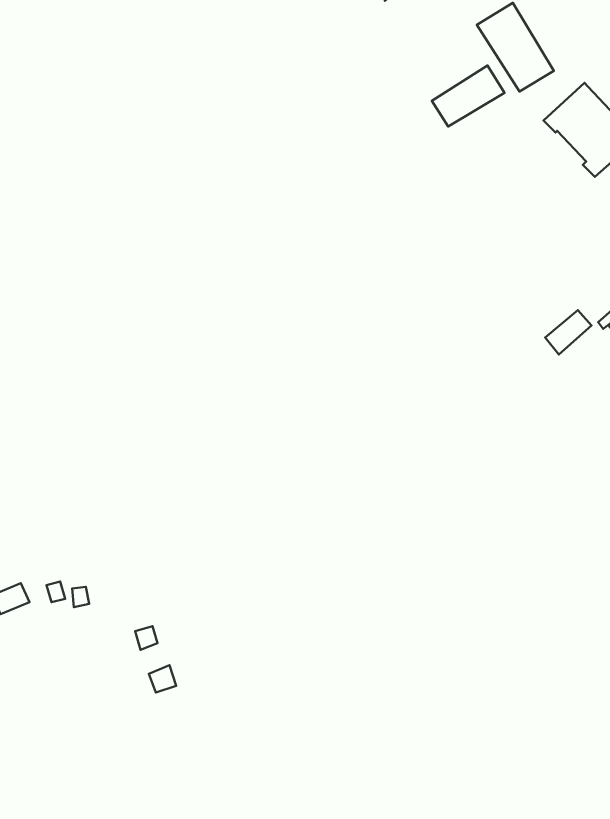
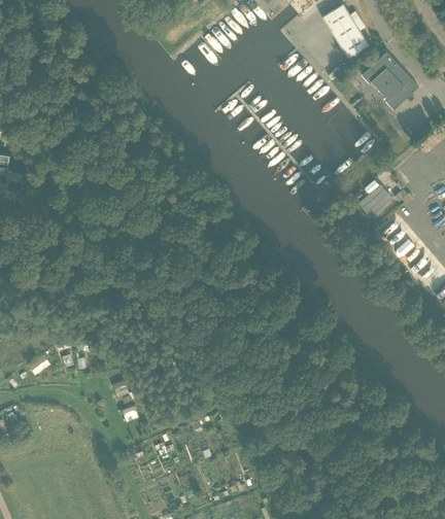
building: [432,65,505,126] -> none

